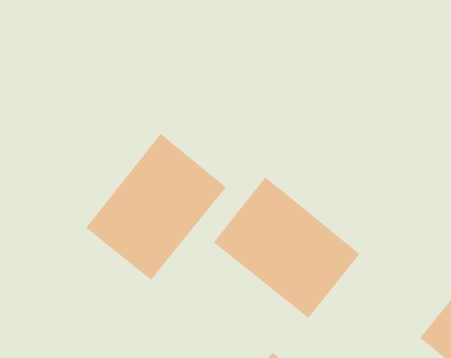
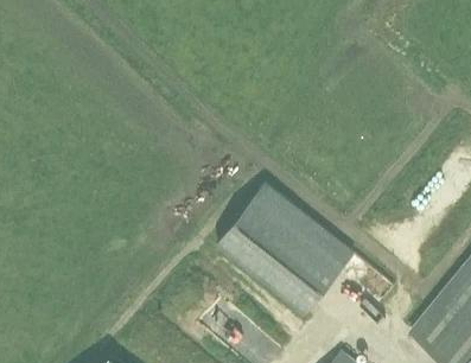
building: [85,133,227,281] -> none

